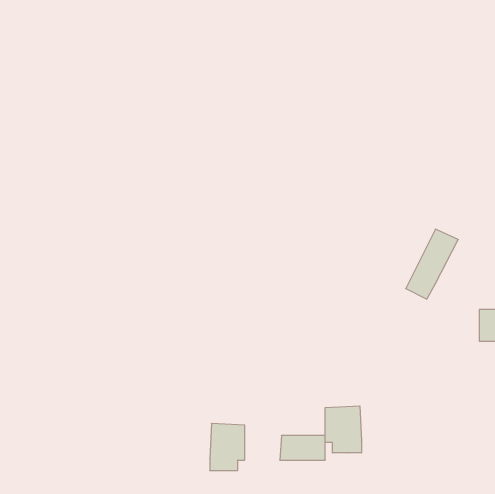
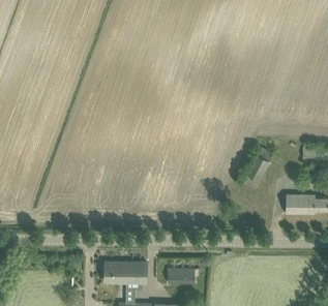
building: [325,406,361,453] -> none
building: none -> [103,261,126,281]

